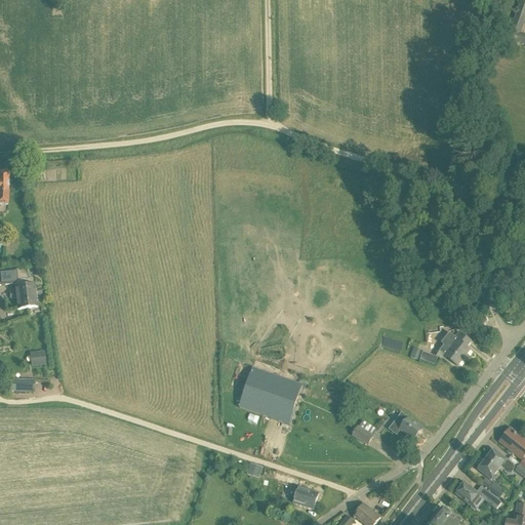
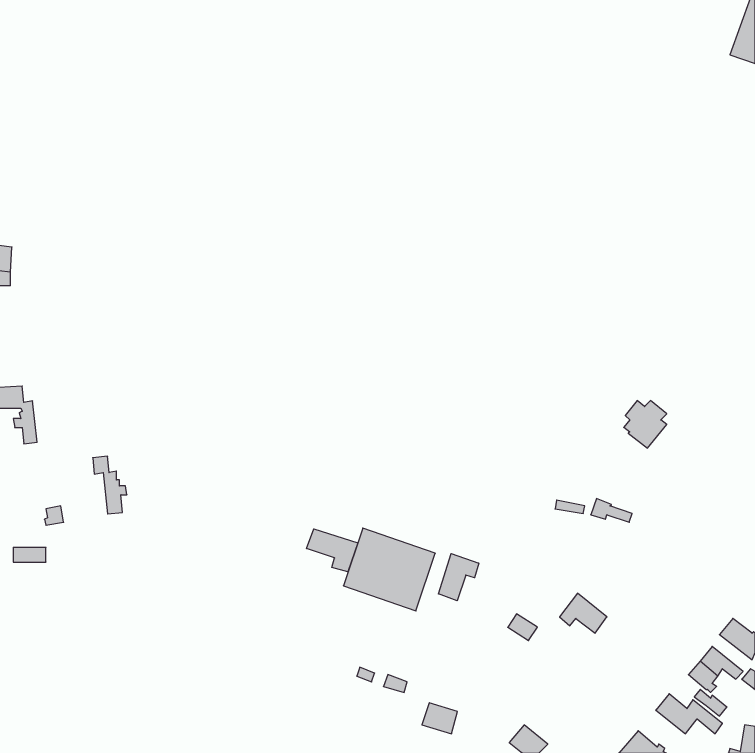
building: [15,267,39,307] -> [93,456,127,514]
building: [440,331,470,364] -> [624,401,667,448]
building: none -> [307,529,358,572]
building: none -> [438,554,479,601]

